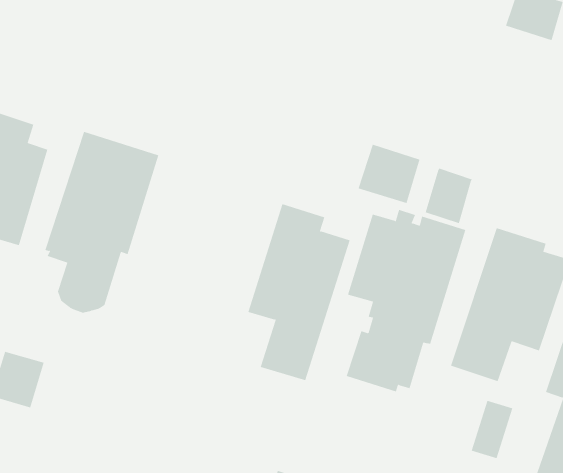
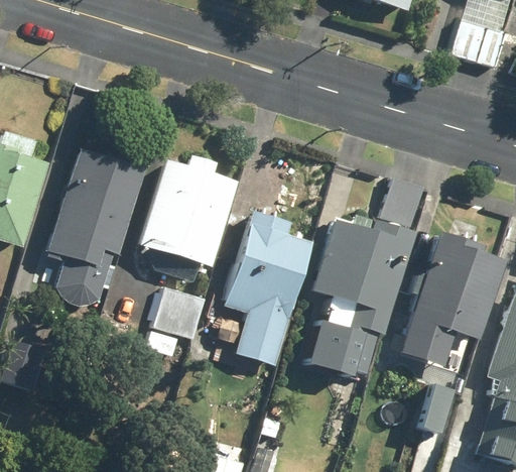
building: none -> [139,154,239,283]
building: [358,144,420,204] -> none
building: none -> [153,287,203,339]

